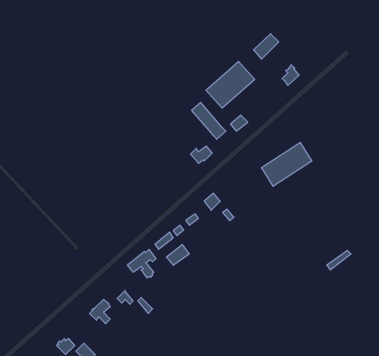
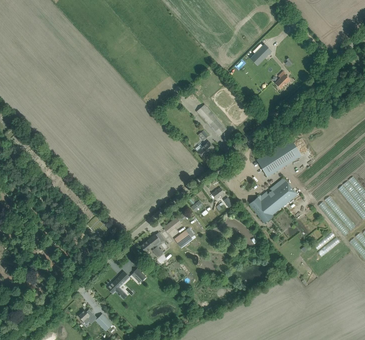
building: [206,61,255,108] -> none
building: none -> [248,178,293,219]

